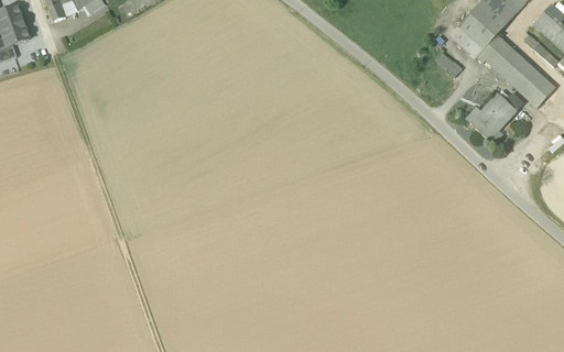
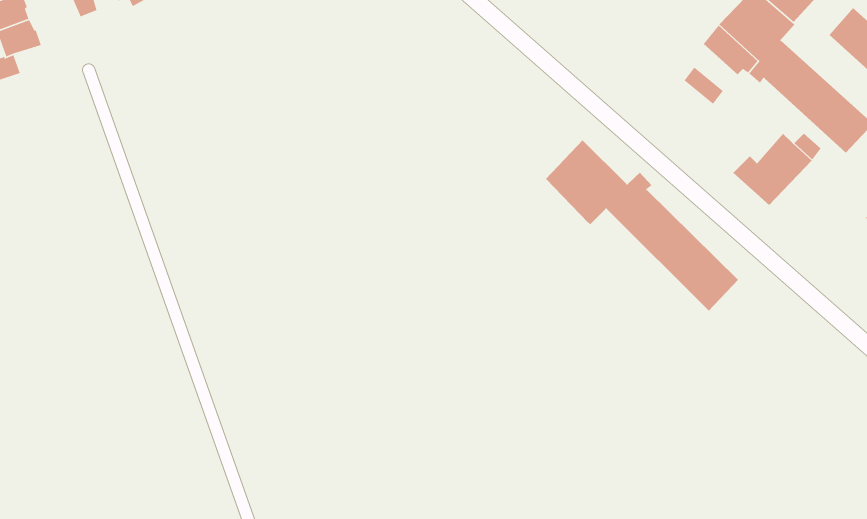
building: none -> [545,139,739,311]

